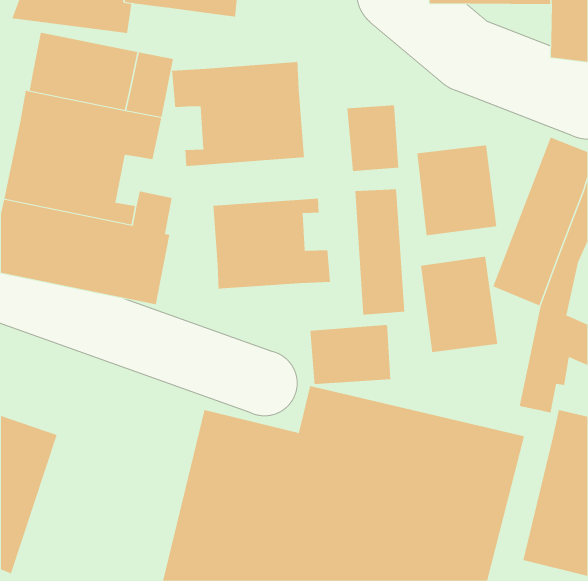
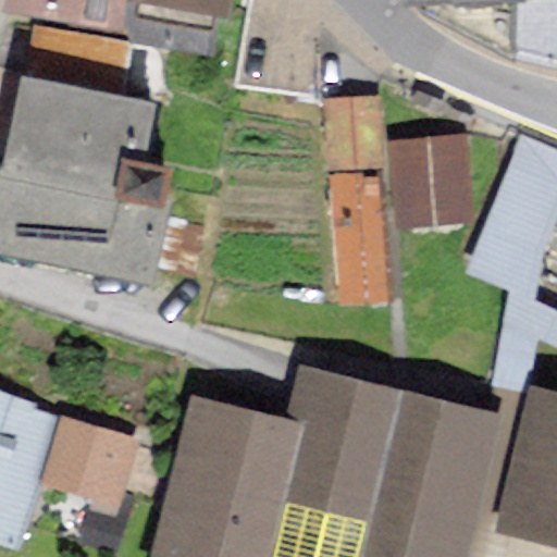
building: [172,61,305,167] -> none
building: [213,198,330,290] -> none
building: [421,256,498,353] -> none
building: [310,324,391,385] -> none
building: none -> [46,419,132,499]

